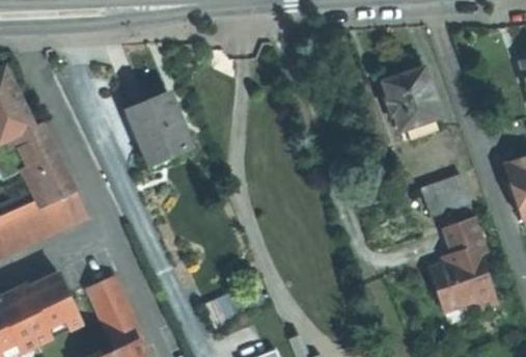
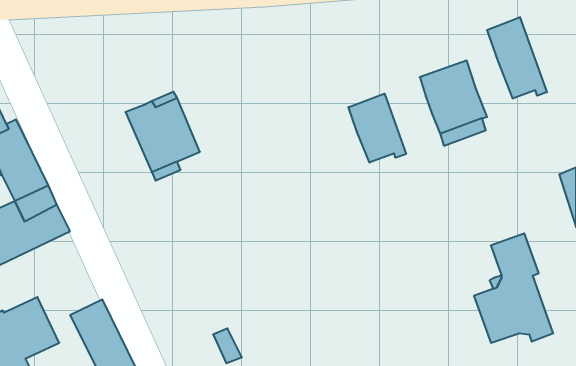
building: none -> [487,17,547,99]
building: none -> [348,94,406,163]
building: [421,174,471,216] -> none

